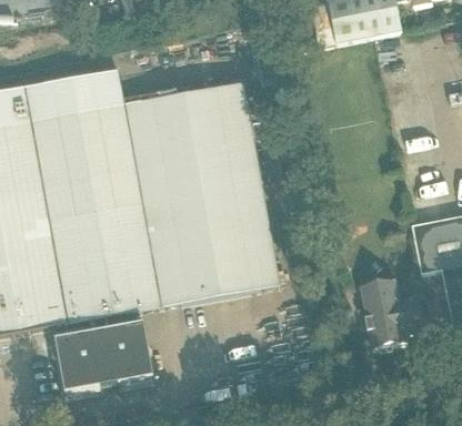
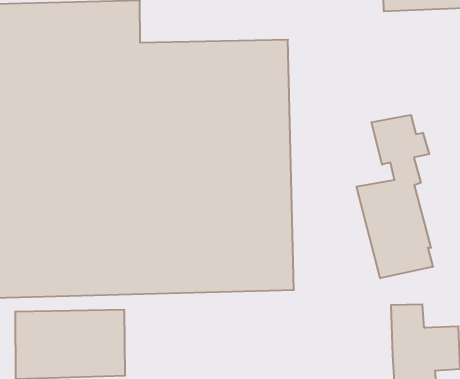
building: none -> [357,115,433,278]

